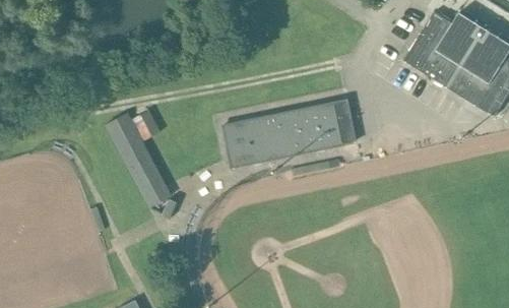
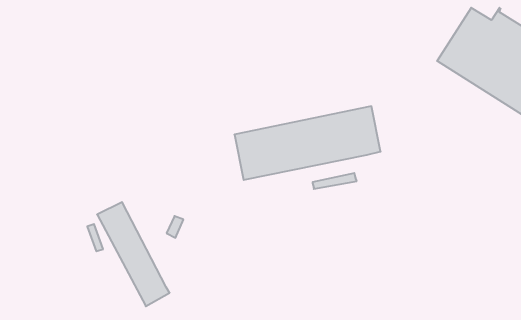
building: [106,113,171,206] -> [97,202,170,306]

